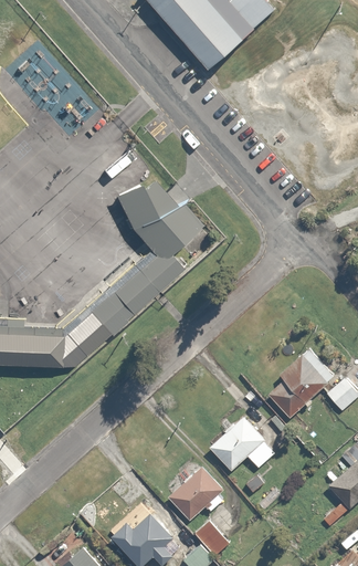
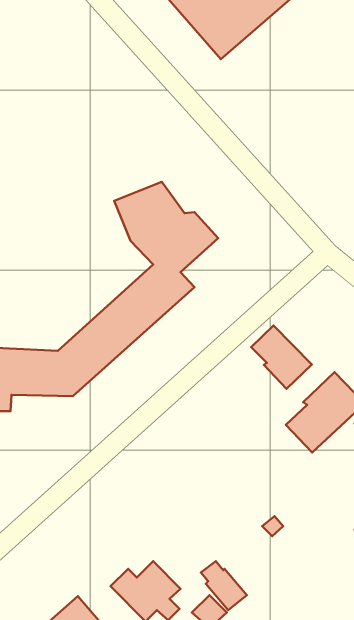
building: none -> [251,326,312,389]
building: [208,416,275,470] -> none
building: [166,464,223,520] -> none

